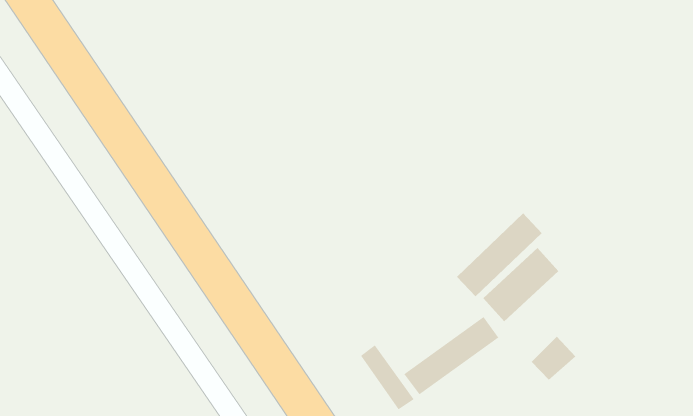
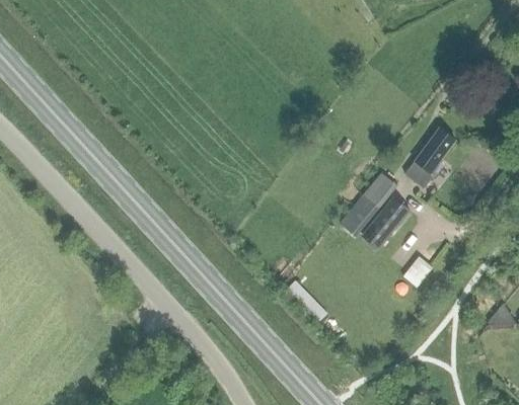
building: none -> [405,129,455,188]
building: [404,316,499,395] -> none

